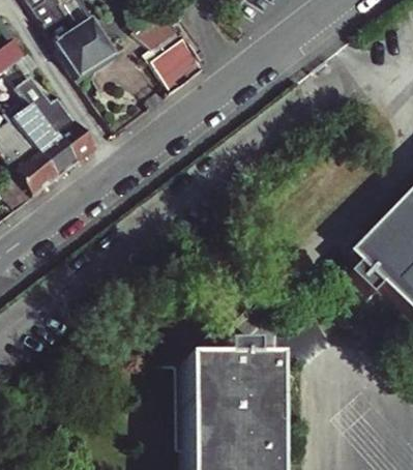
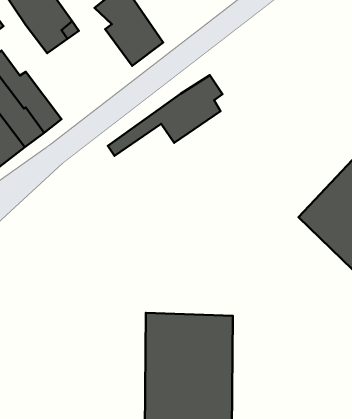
building: none -> [108,75,223,156]

